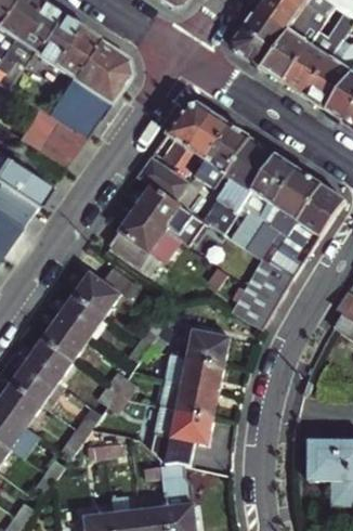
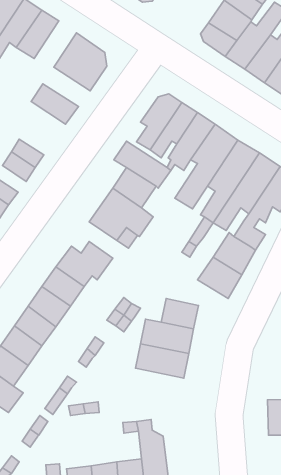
building: [50,24,96,78] -> none
building: [19,107,84,166] -> none
building: [156,406,214,455] -> none

